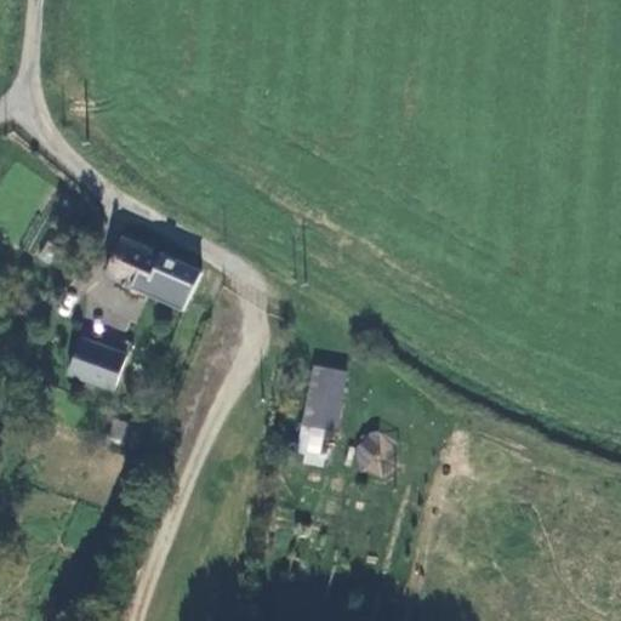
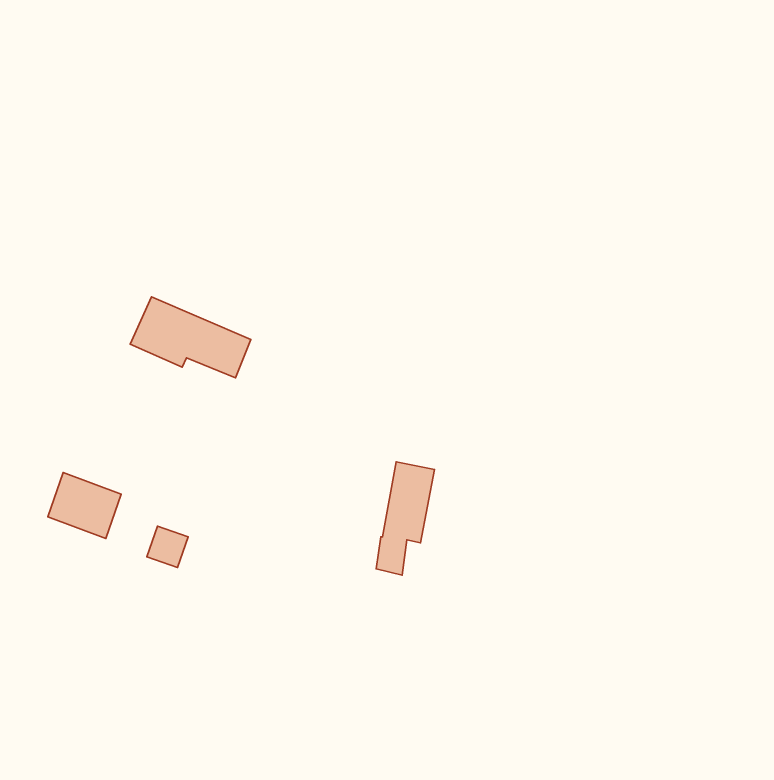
building: [69,336,127,388] -> [48,473,121,538]
building: [351,431,388,473] -> none

